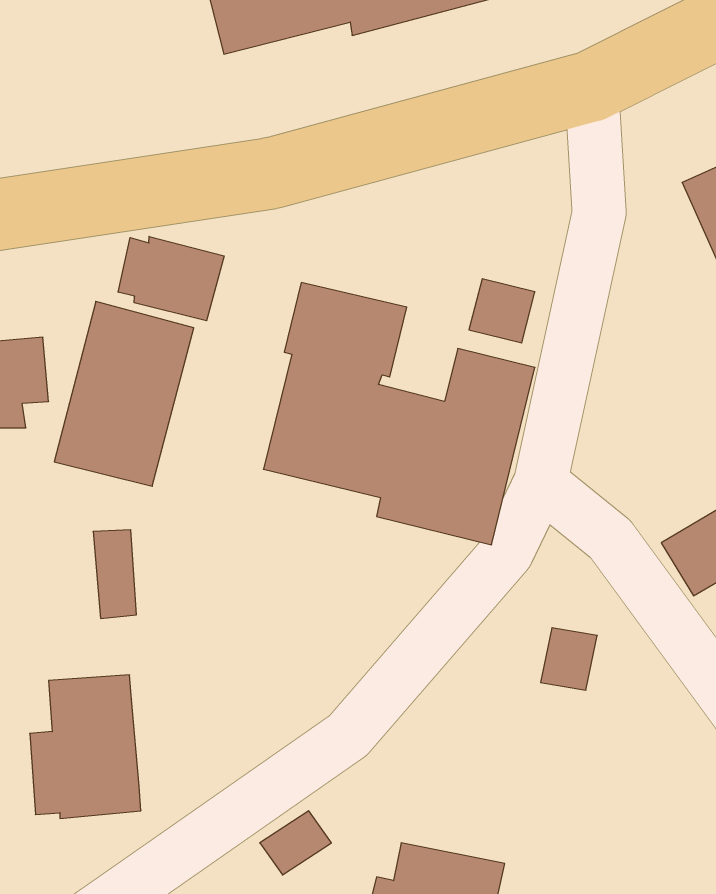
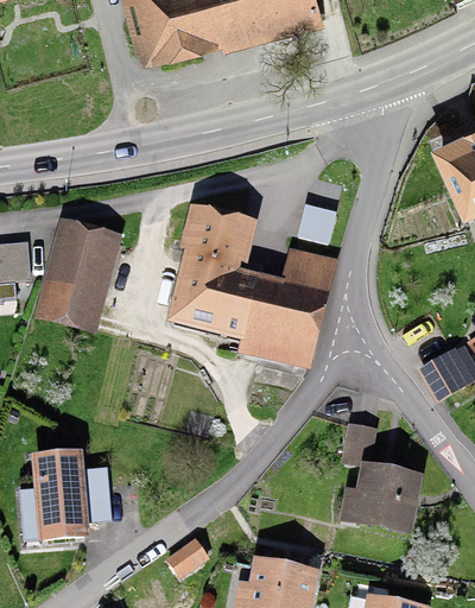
building: [118,236,224,321] -> none
building: [93,530,136,618] -> [84,466,112,521]
building: none -> [340,462,424,533]

